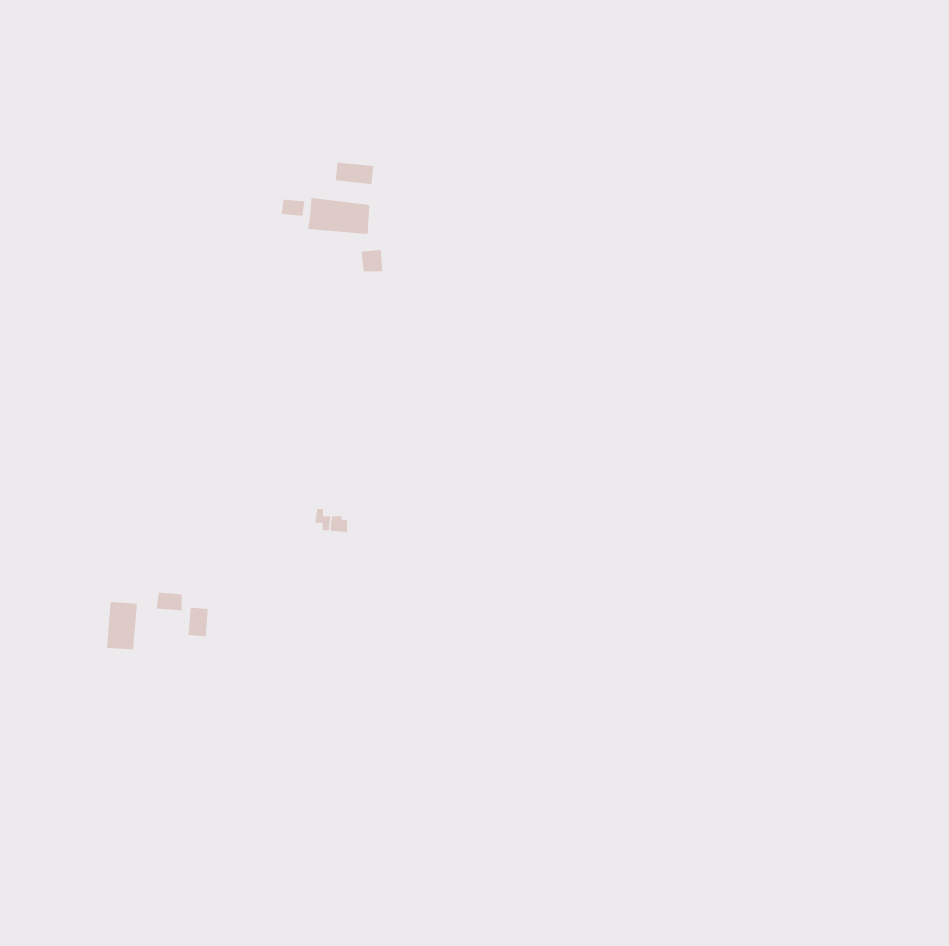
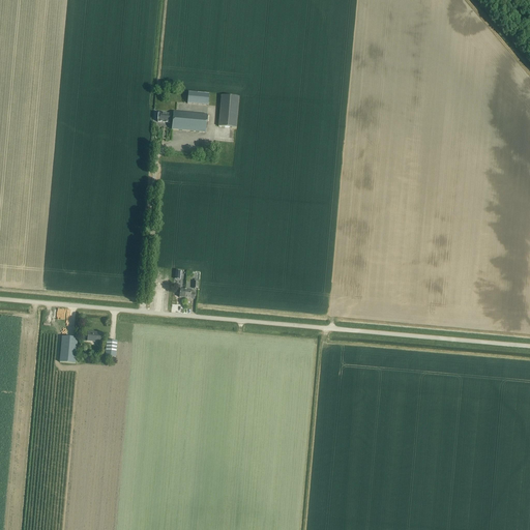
building: none -> [217,93,238,125]

